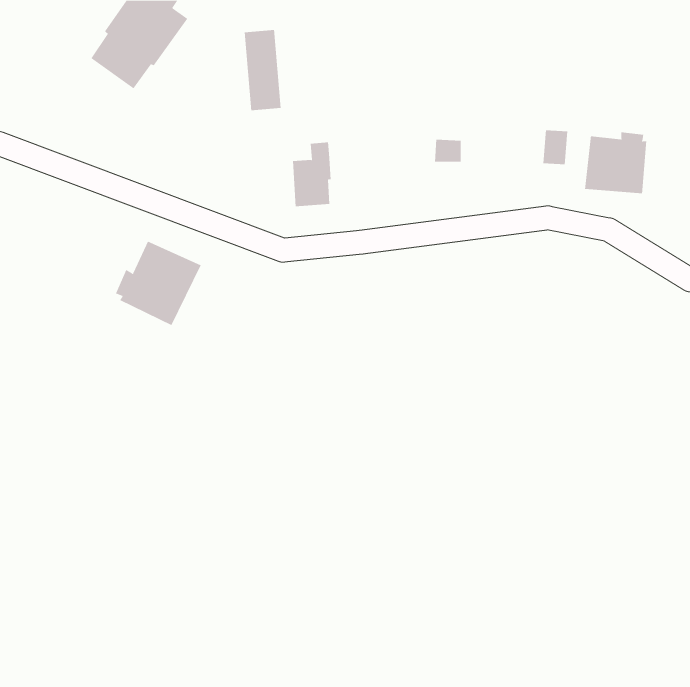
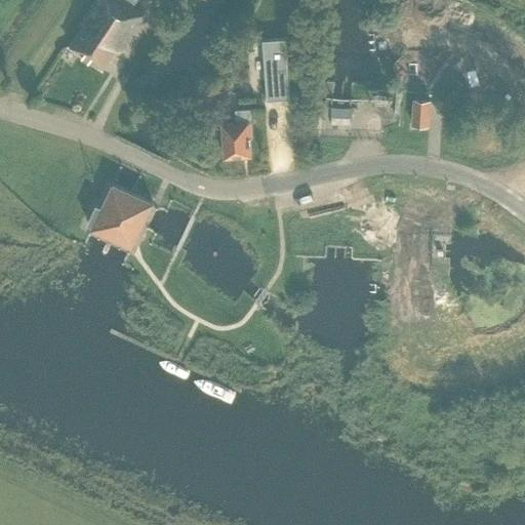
building: [244,30,282,111] -> [261,41,290,103]
building: [584,132,647,194] -> none

